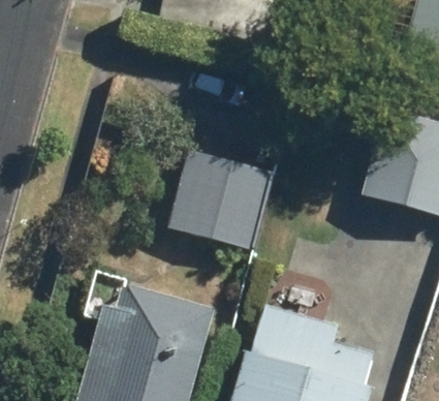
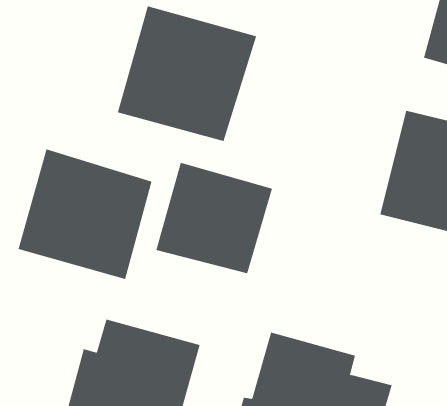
building: none -> [117,5,257,142]
building: none -> [18,148,152,280]

